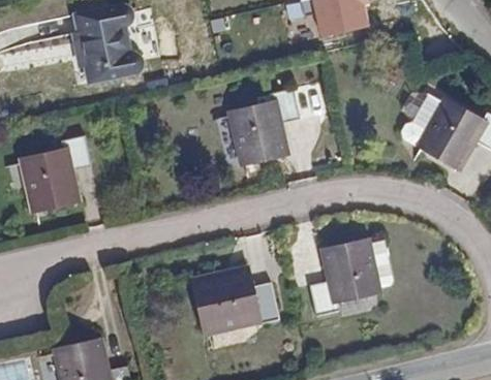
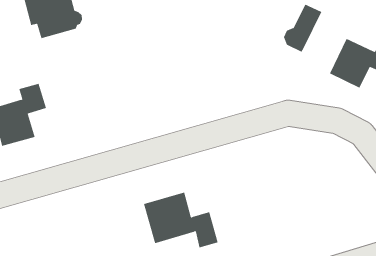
building: [235,90,299,160] -> none
building: [400,94,448,151] -> [283,4,322,53]
building: [309,244,374,316] -> none

